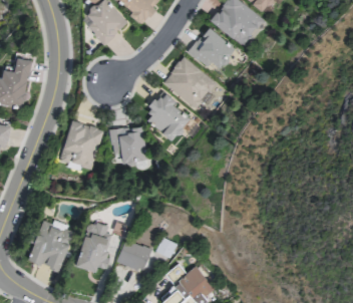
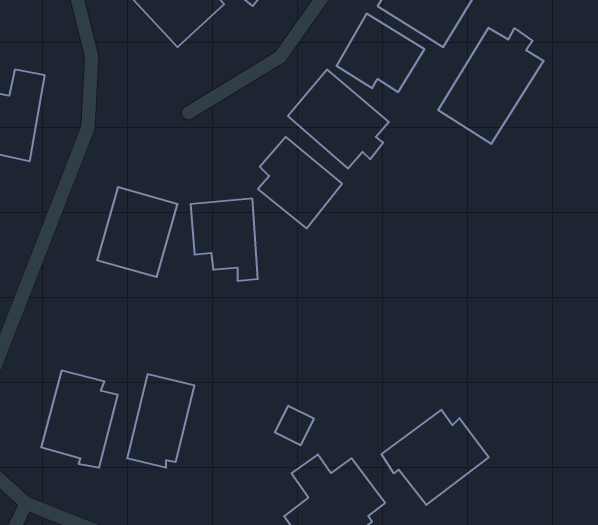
building: none -> [438,28,544,144]
building: [116,240,150,272] -> none
building: none -> [382,410,489,505]

